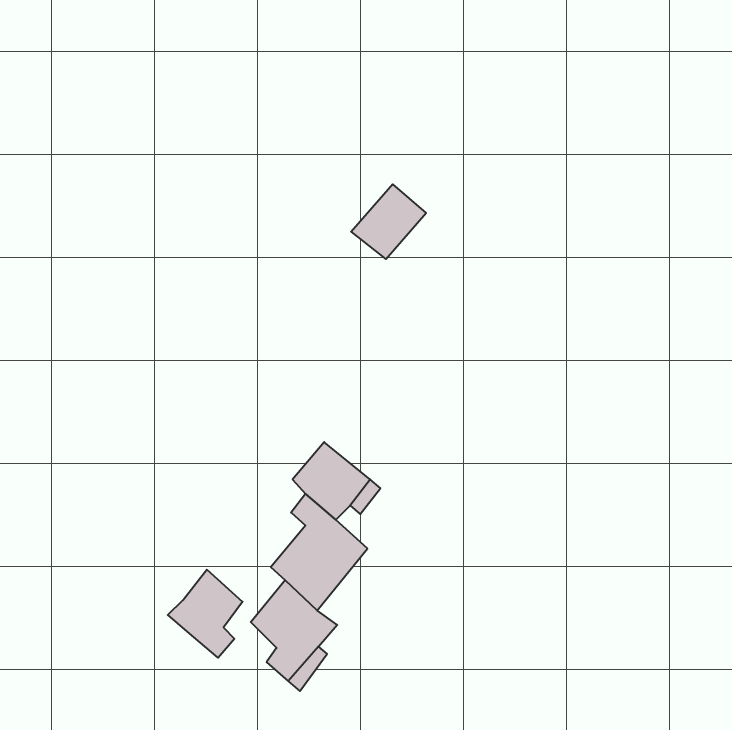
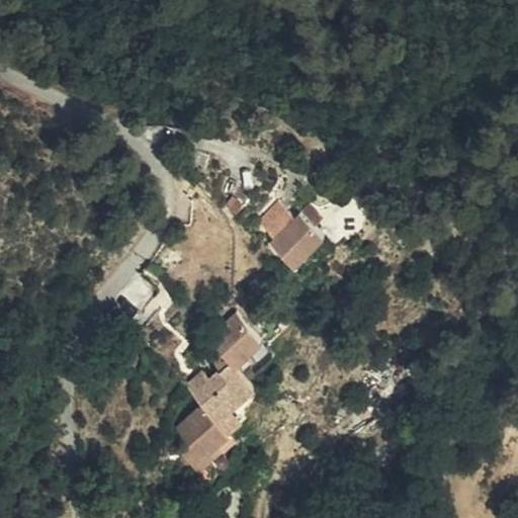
building: [351,184,426,259] -> [264,209,317,262]
building: [168,570,243,658] -> none

